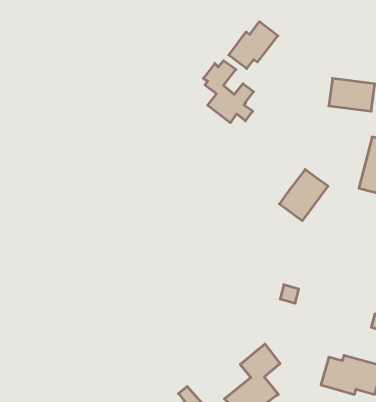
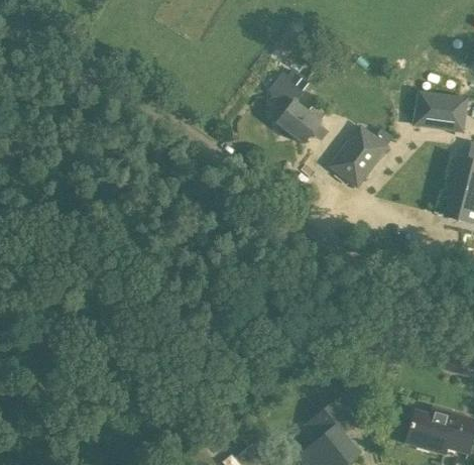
building: [229,22,278,69] -> none
building: [279,169,328,221] -> [330,126,385,185]

